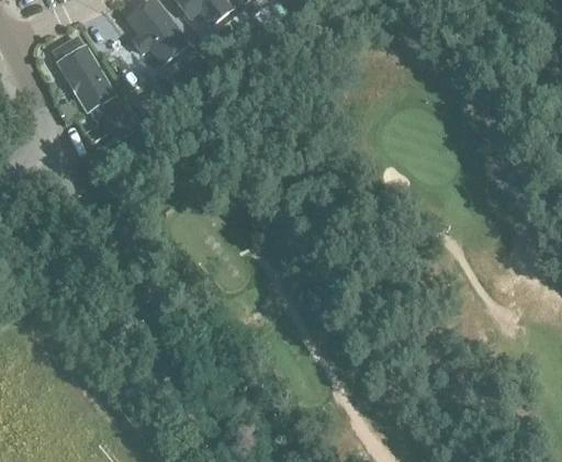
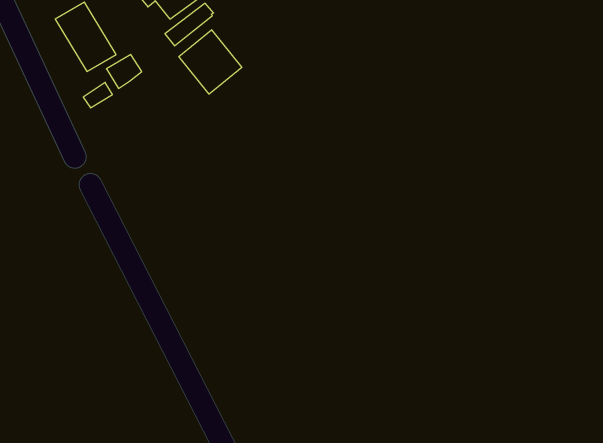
building: none -> [179,30,242,94]

